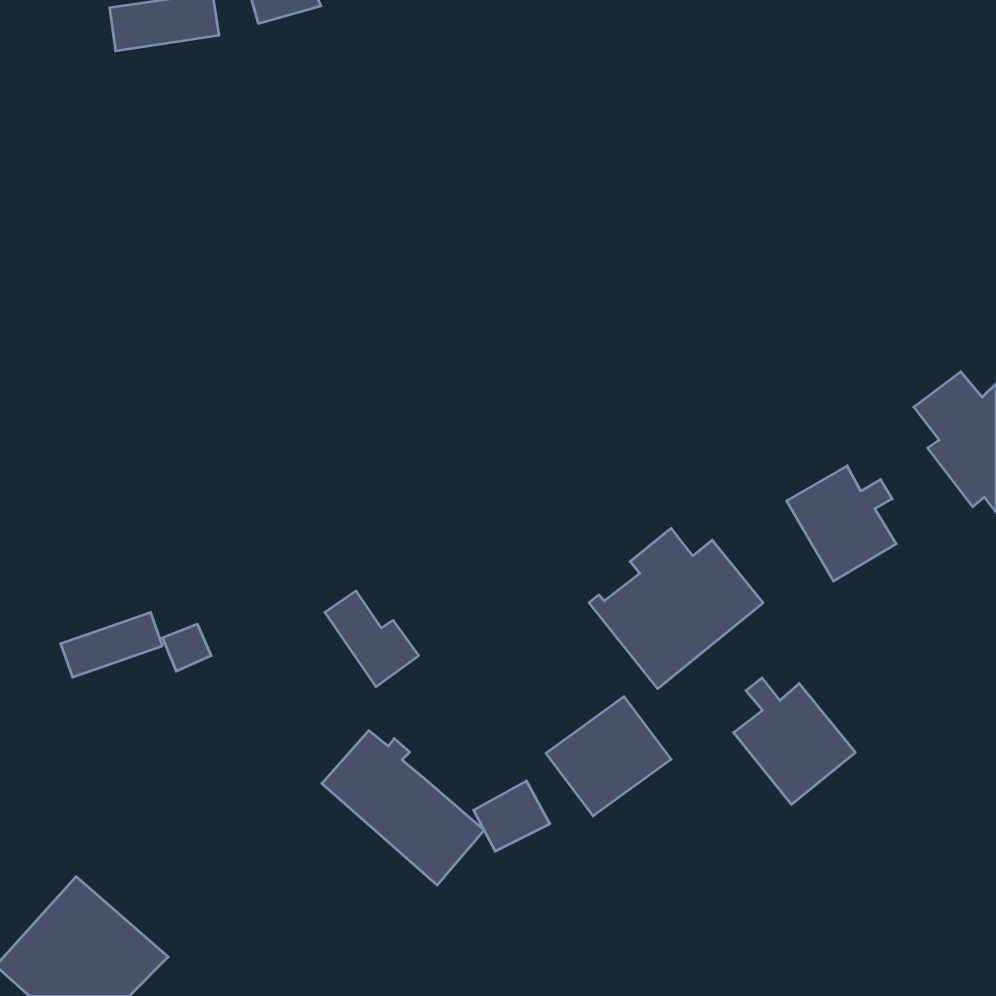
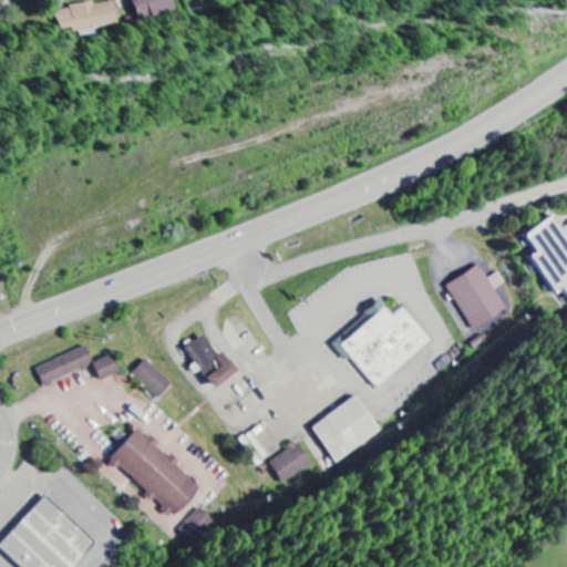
building: none -> [131,359,171,398]
building: [733,678,855,804] -> none
building: [322,731,484,885] -> [109,430,200,517]

